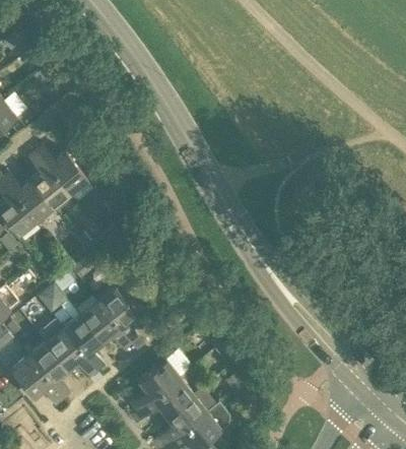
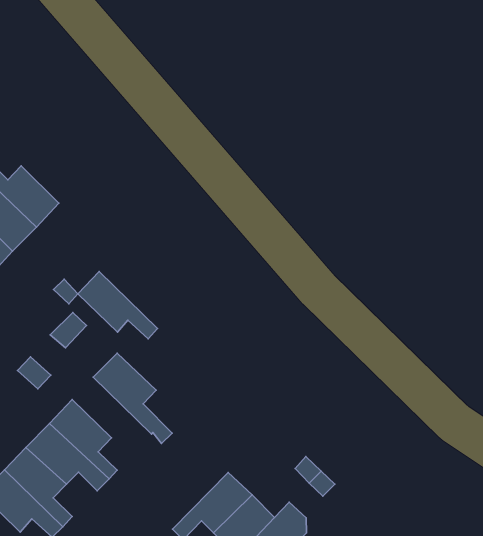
building: [80,301,131,350] -> [78,272,157,339]
building: [131,359,180,410] -> none

